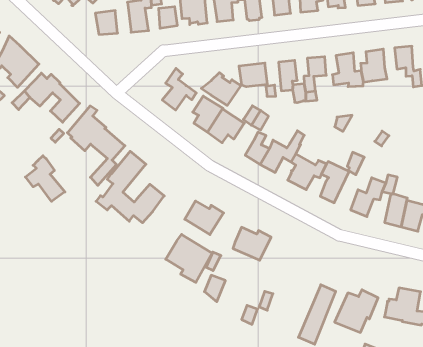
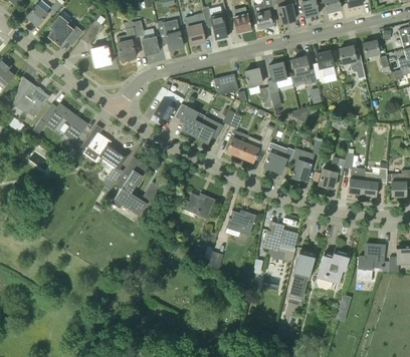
building: [201,73,241,105] -> none
building: [25,156,65,201] -> none
building: [166,234,212,282] -> none
building: none -> [261,221,295,263]

